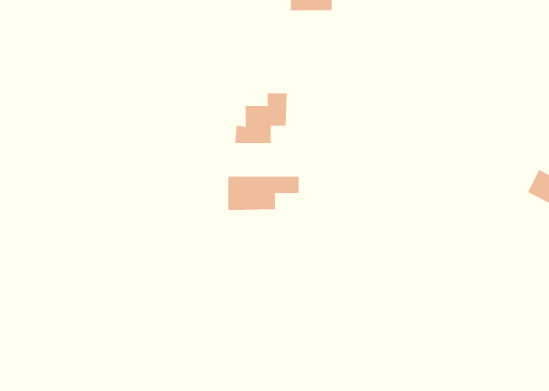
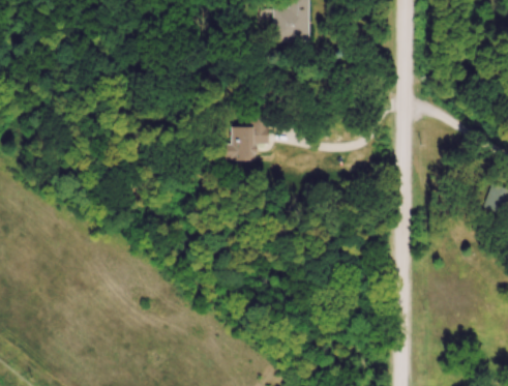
building: [228,176,299,211] -> none

